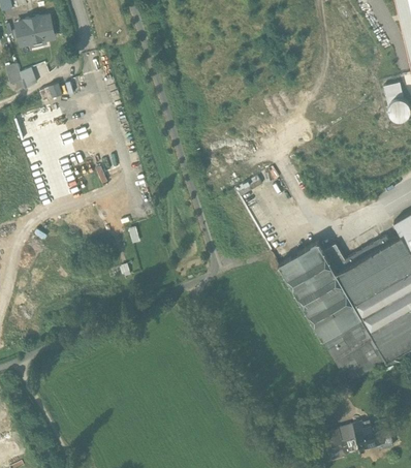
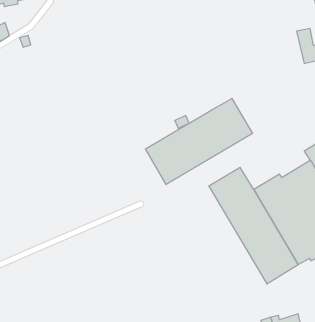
building: none -> [146,98,252,185]

